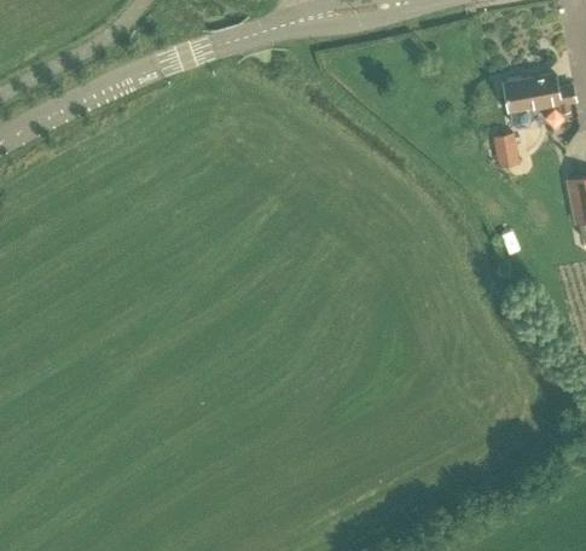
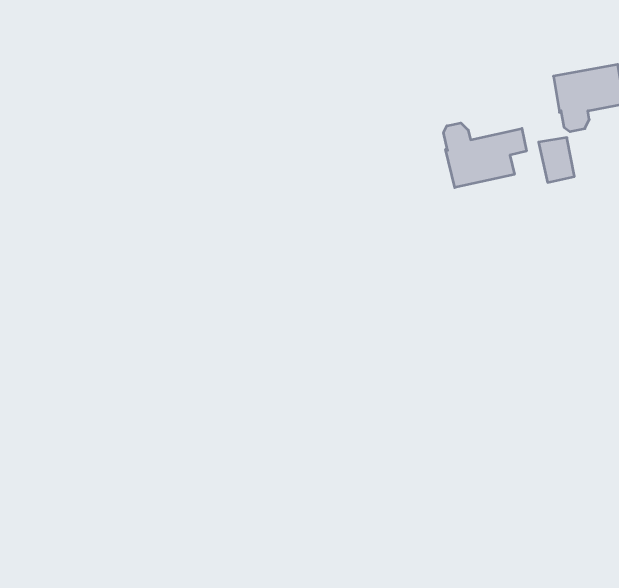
building: none -> [444,123,526,188]

